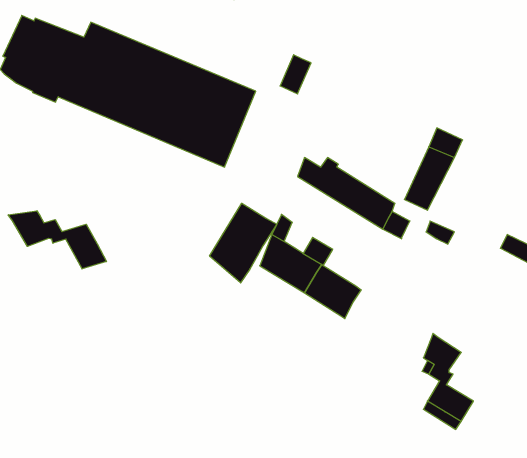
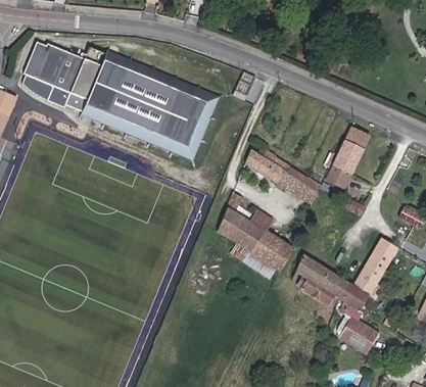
building: [210,203,277,283] -> none
building: [8,211,106,269] -> none
building: none -> [351,238,397,296]
building: none -> [295,254,347,308]

